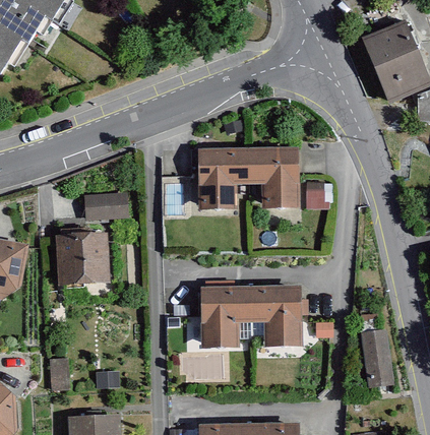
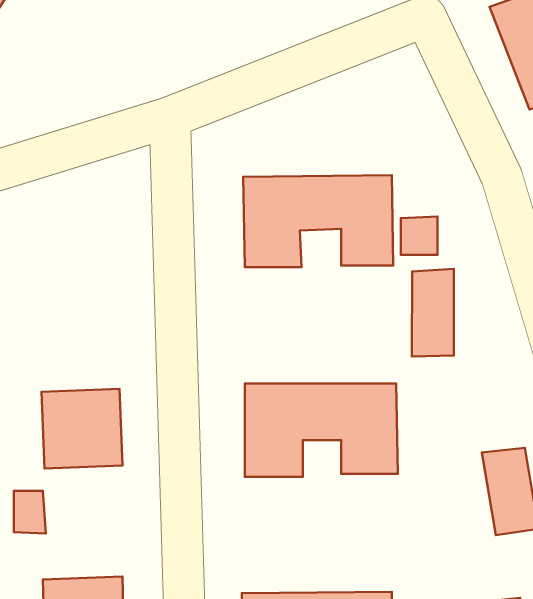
building: [81,188,127,215] -> none
building: none -> [412,269,454,356]
building: [54,231,108,284] -> [41,389,122,468]

